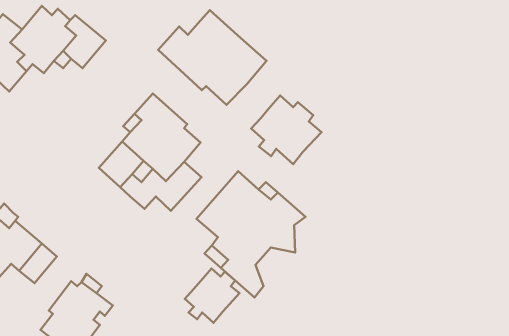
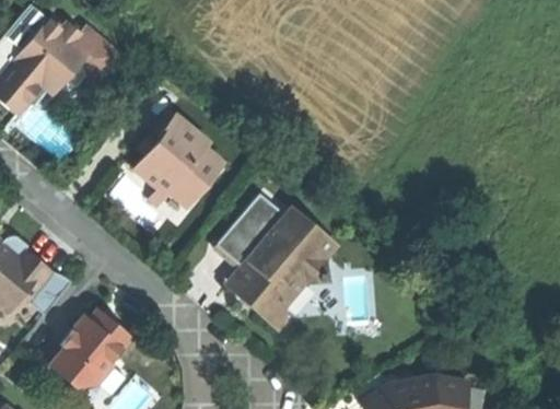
building: [158,10,266,105] -> none
building: [251,95,321,164] -> none
building: [185,268,240,323] -> none

